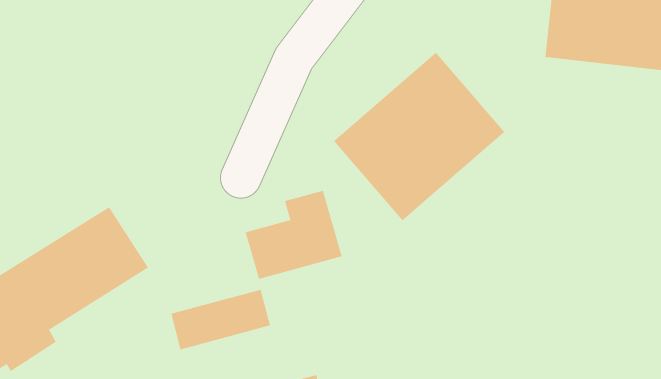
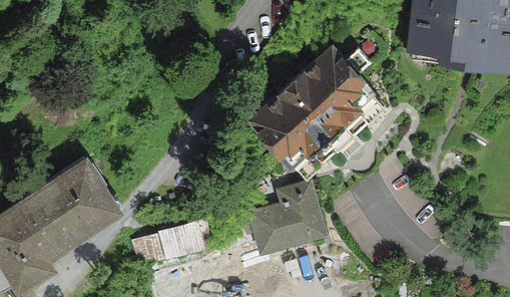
building: [245,190,342,280] -> [249,185,322,251]

